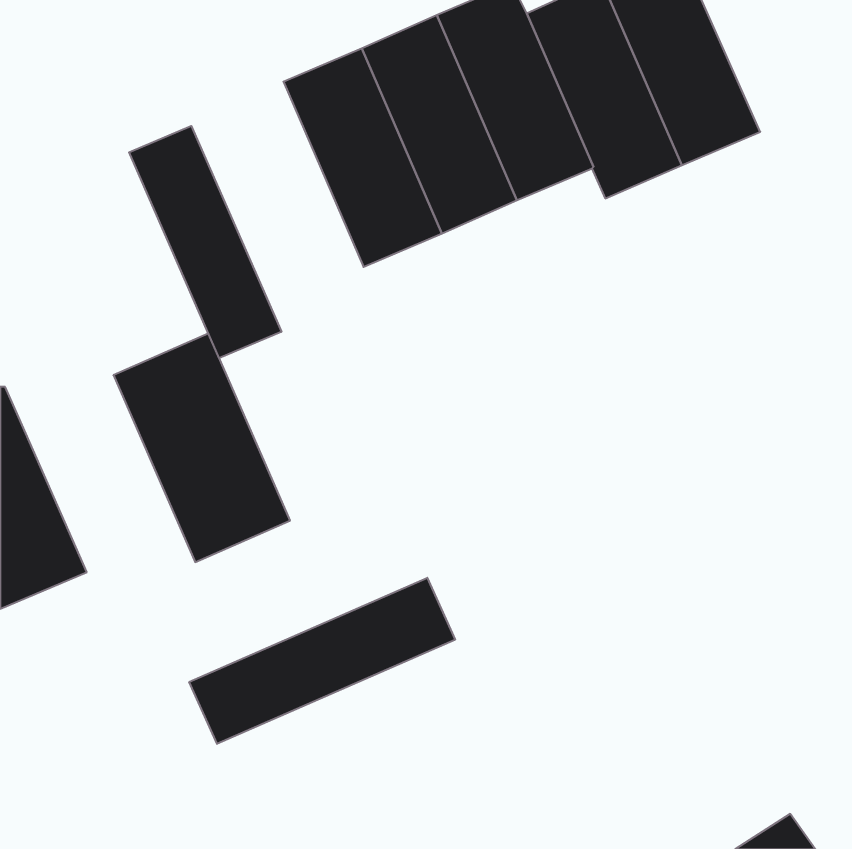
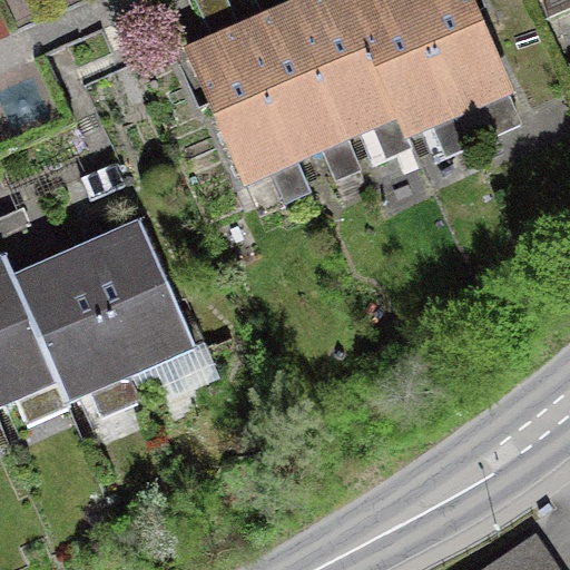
building: [129,126,281,358] -> none
building: none -> [12,250,130,403]
building: [189,578,455,744] -> none

